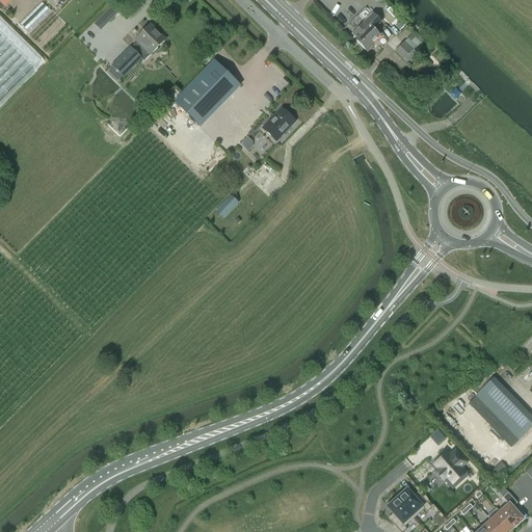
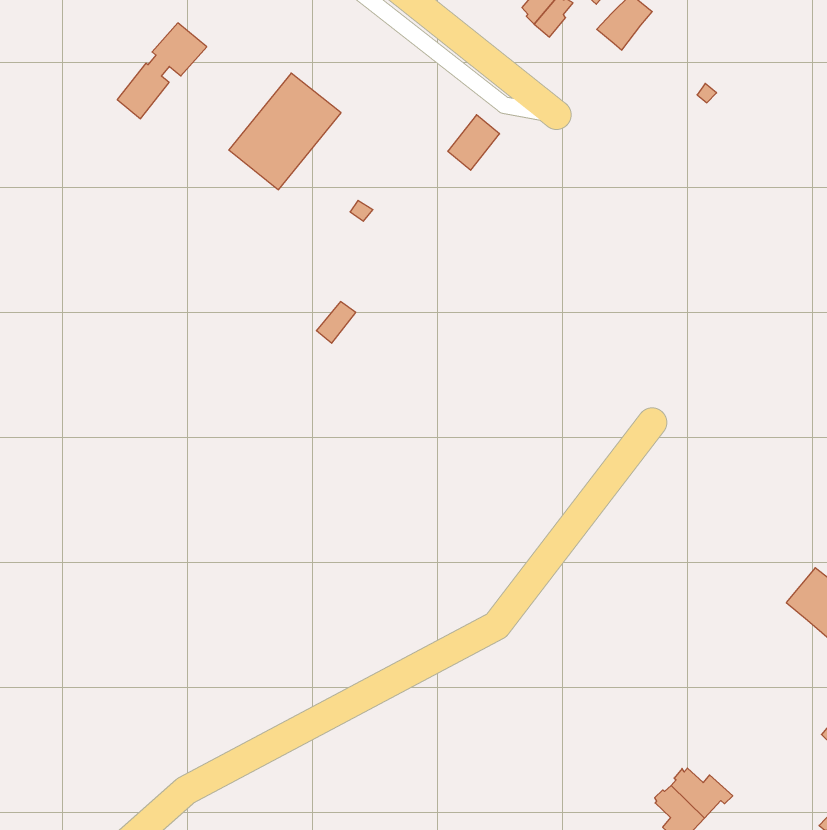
building: [262,107,293,139] -> [448,115,500,170]
building: [432,448,467,486] -> none

